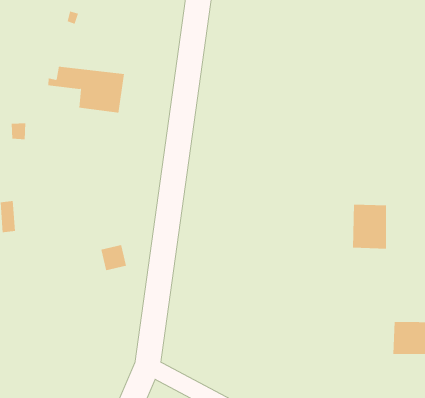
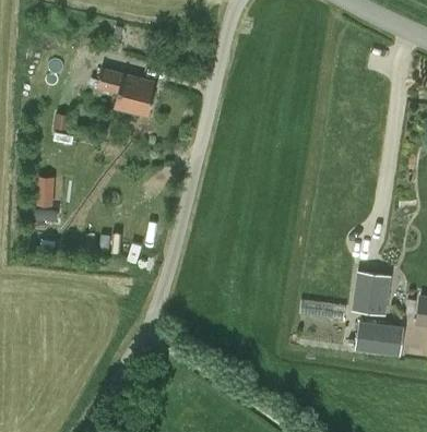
building: [352,204,387,249] -> [354,274,388,315]

